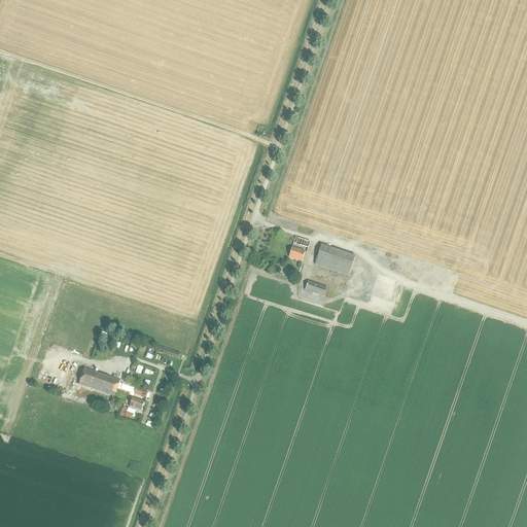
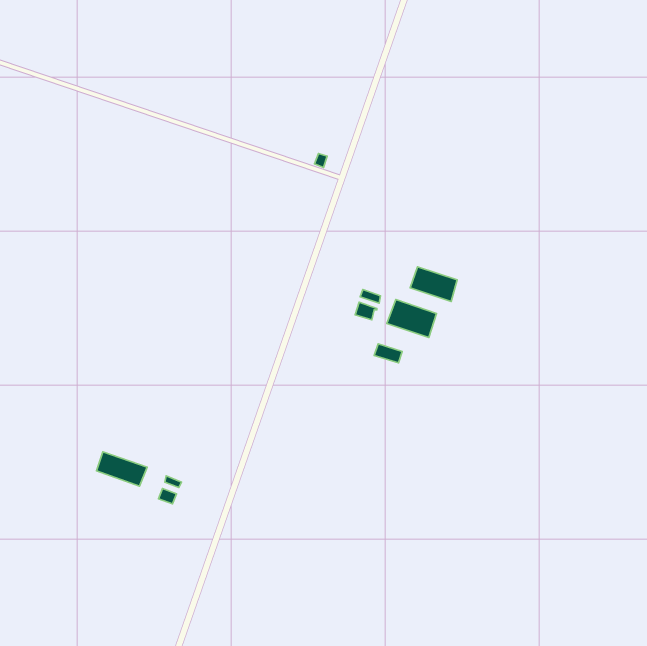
building: none -> [410,267,457,301]

